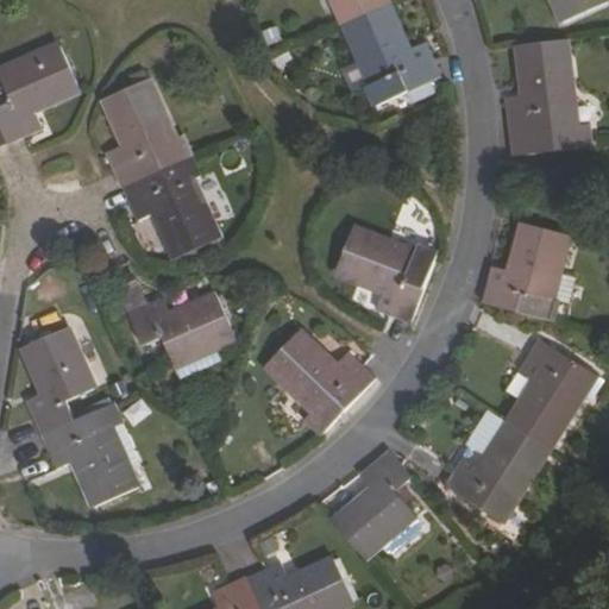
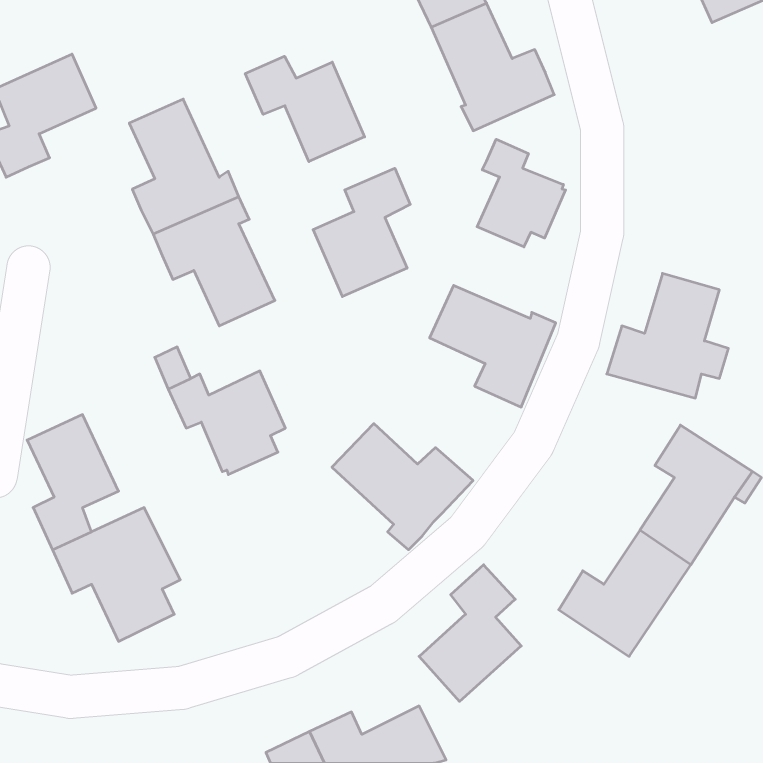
building: [504,38,592,157] -> none
building: none -> [245,56,365,162]
building: none -> [477,139,566,247]
building: none -> [313,168,410,297]

